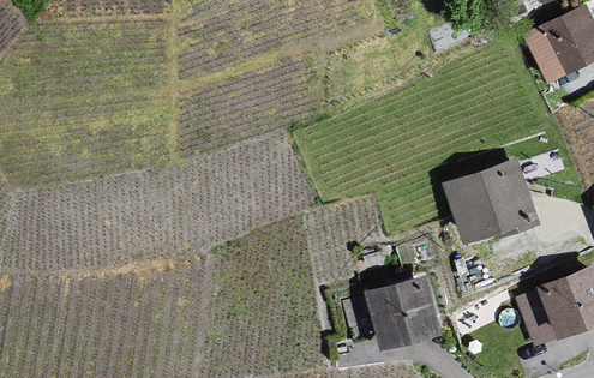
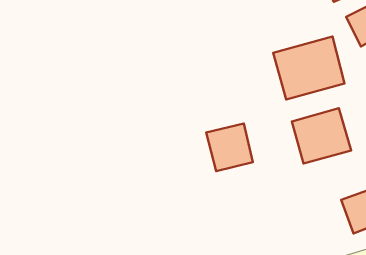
building: none -> [273,36,345,99]
building: [364,281,432,350] -> [206,124,253,171]

